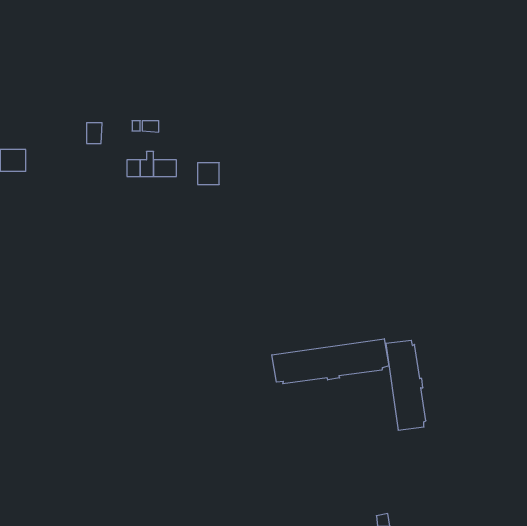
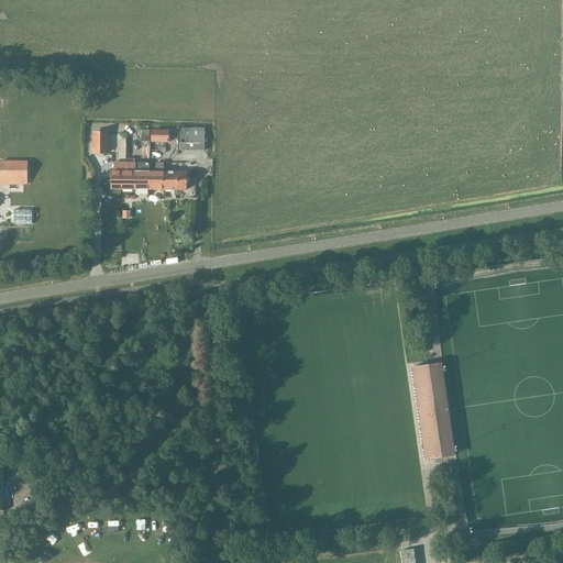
building: none -> [111,161,135,188]
building: [198,163,219,184] -> [180,126,203,150]
building: [272,339,389,384] -> none

